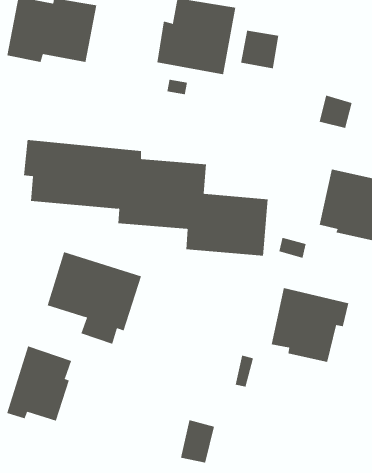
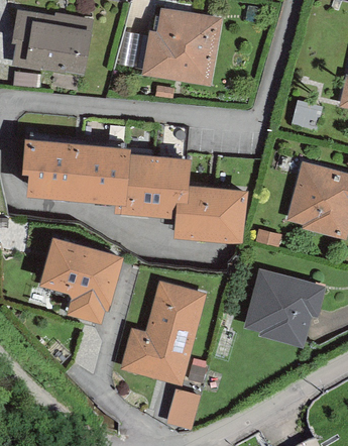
building: [240,30,279,69] -> none
building: none -> [121,285,211,392]
building: [7,346,72,421] -> none

